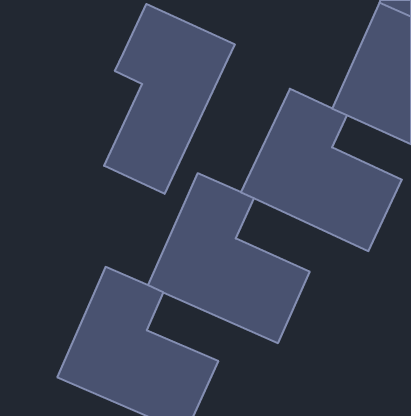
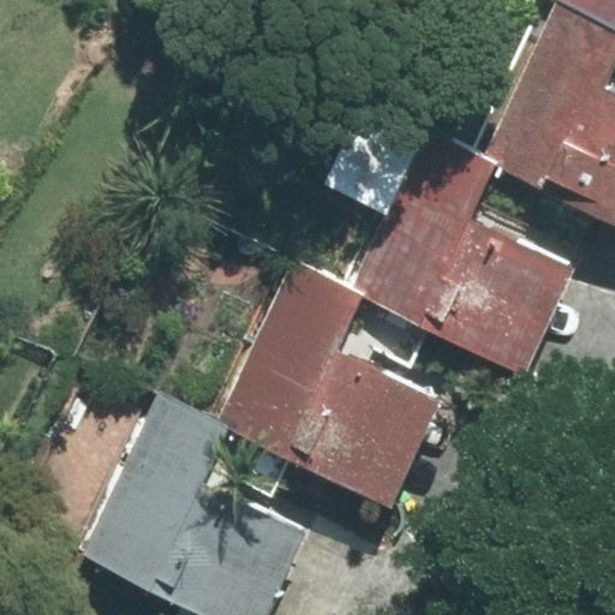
building: [104,4,235,194] -> none

